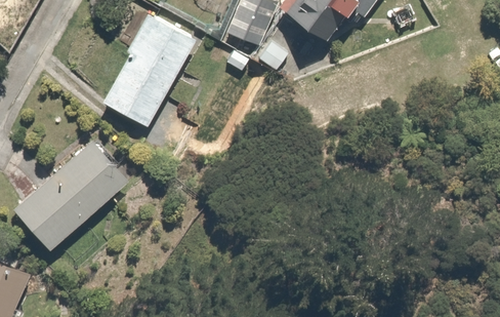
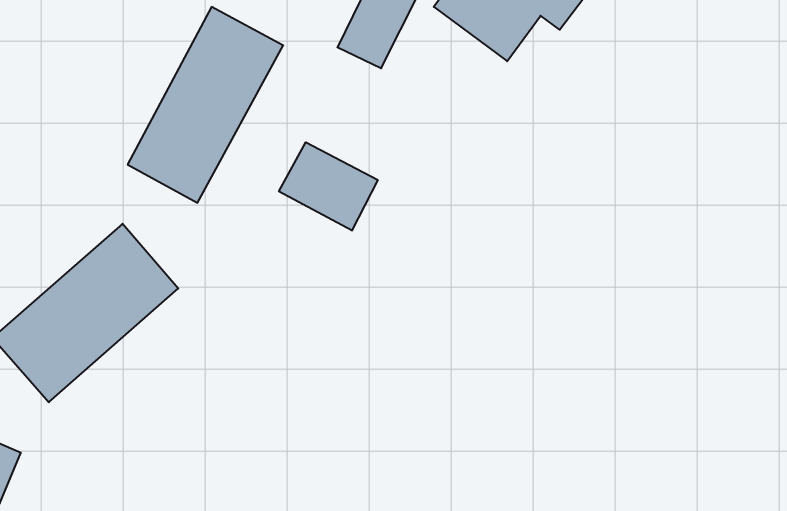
building: none -> [279,142,378,231]

